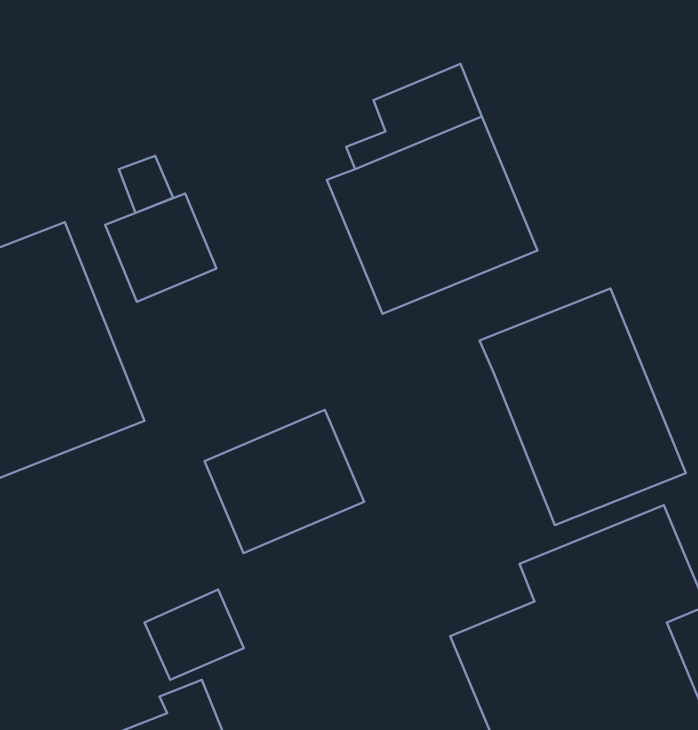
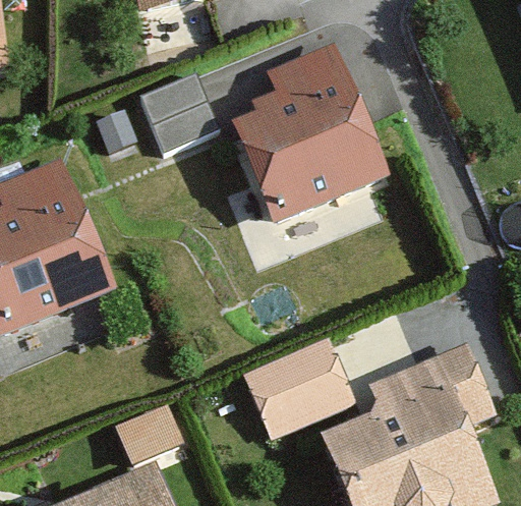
building: [105,193,217,302] -> [141,76,217,150]
building: [479,288,686,525] -> none
building: [204,410,364,553] -> [245,339,353,436]

